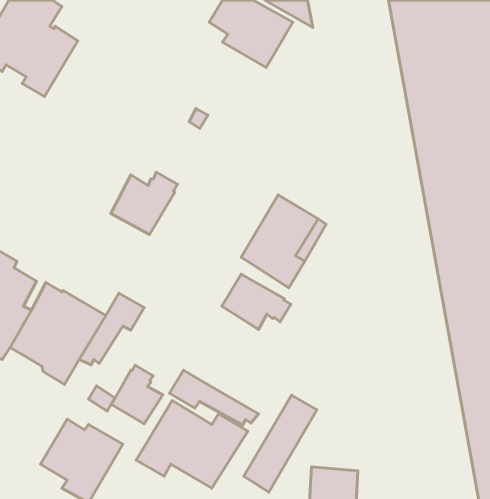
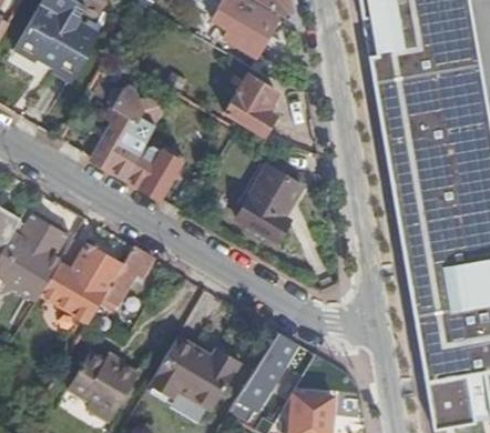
building: none -> [224,75,280,137]
building: none -> [93,84,165,180]
building: [222,274,291,330] -> none
building: [112,365,163,424] -> none
building: [170,370,258,425] -> none

